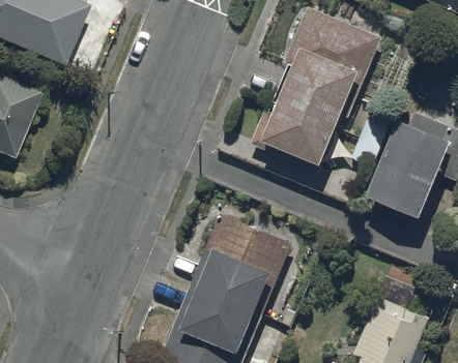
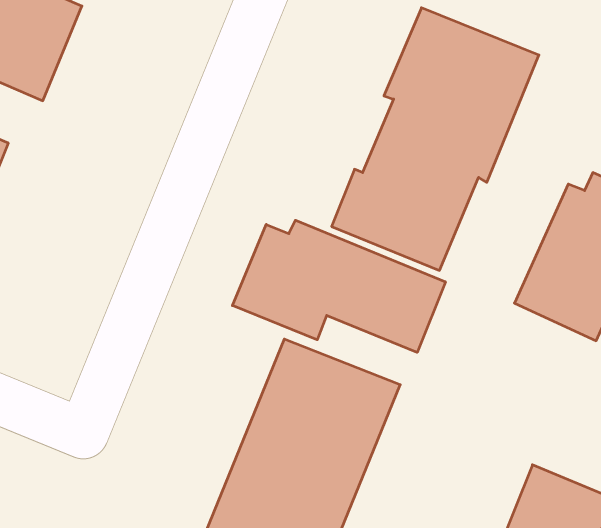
building: none -> [232,220,445,352]

